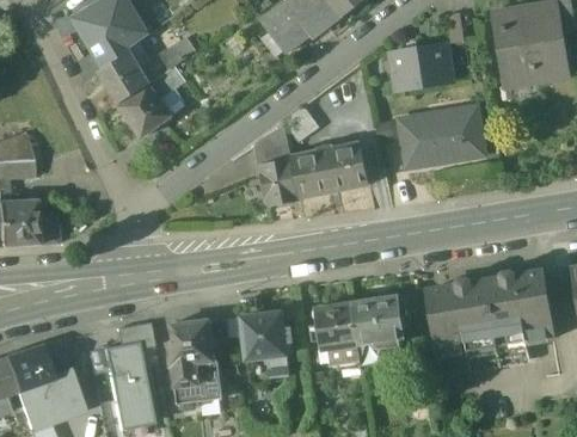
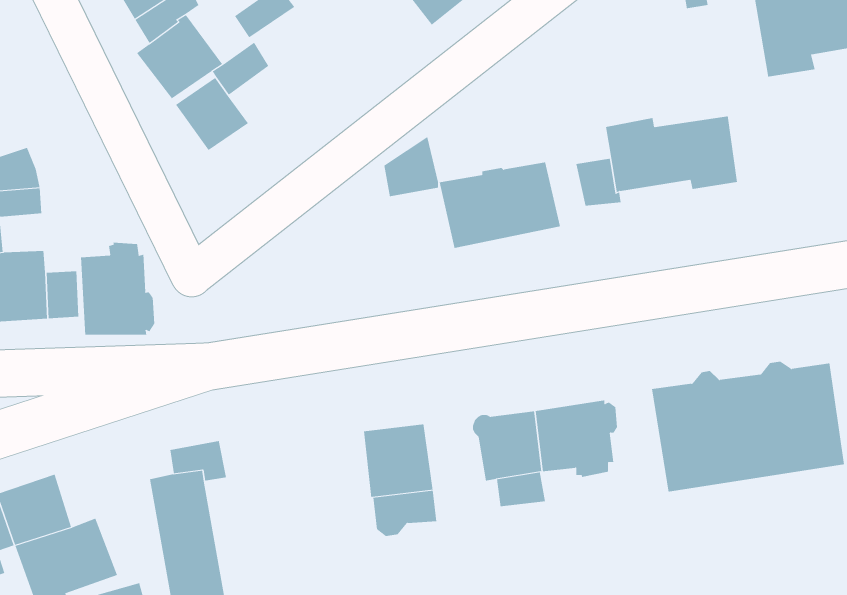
building: [392,43,453,90] -> none
building: [259,154,301,203] -> none
building: none -> [81,242,155,335]
building: [167,318,226,401] -> none

